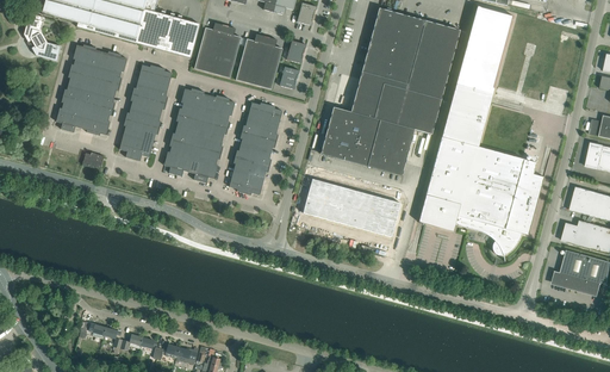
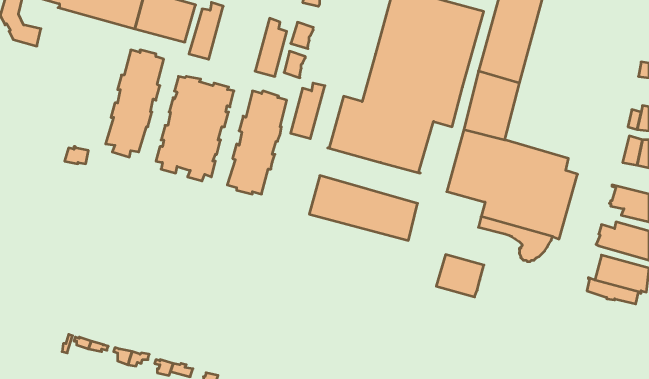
building: [212,25,241,78] -> none
building: [236,33,267,83] -> [291,83,325,139]
building: [56,44,127,135] -> none
building: [418,192,461,230] -> [436,255,484,297]

